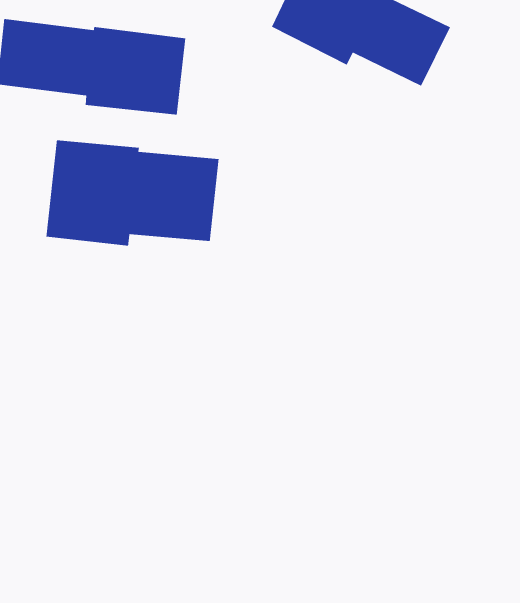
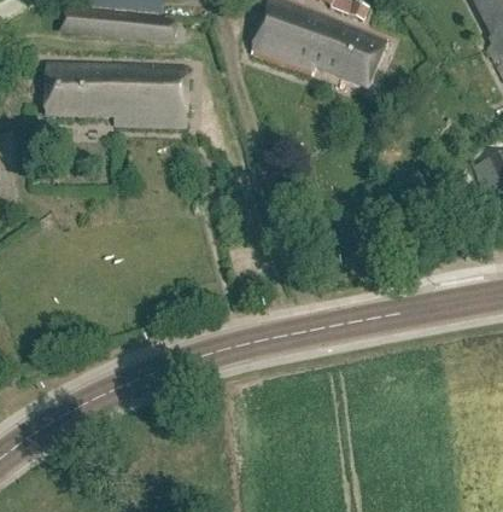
building: [46,140,219,247] -> none

